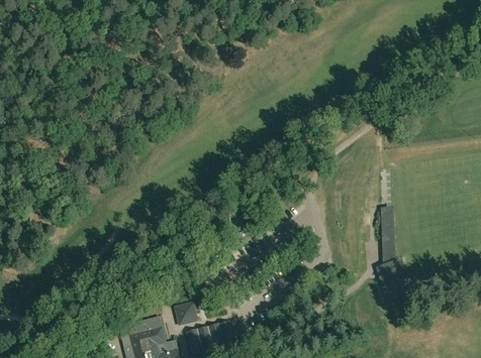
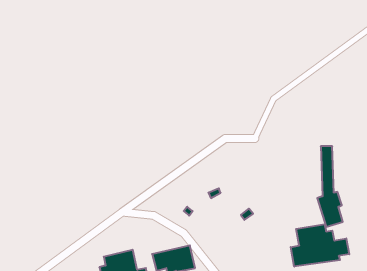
building: none -> [291,224,349,267]
building: [174,300,198,324] -> none

